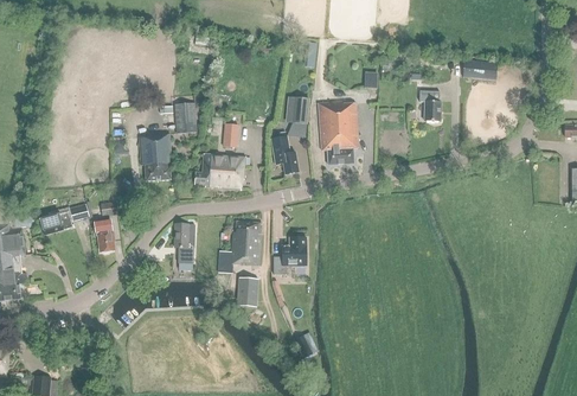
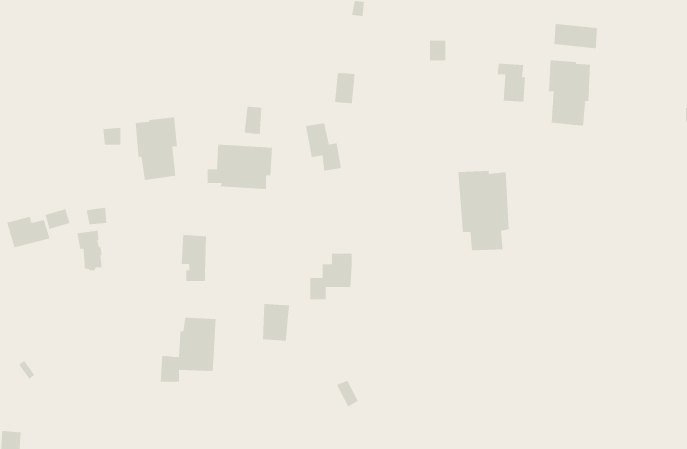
building: none -> [548,60,591,126]
building: [318,101,358,164] -> [457,170,510,251]
building: [174,102,197,133] -> none
building: [217,221,261,272] -> [160,317,217,383]

